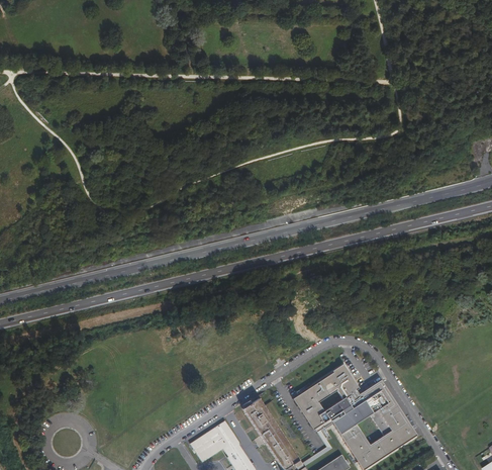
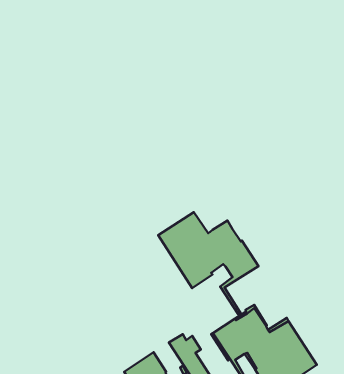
building: none -> [158,212,259,316]

